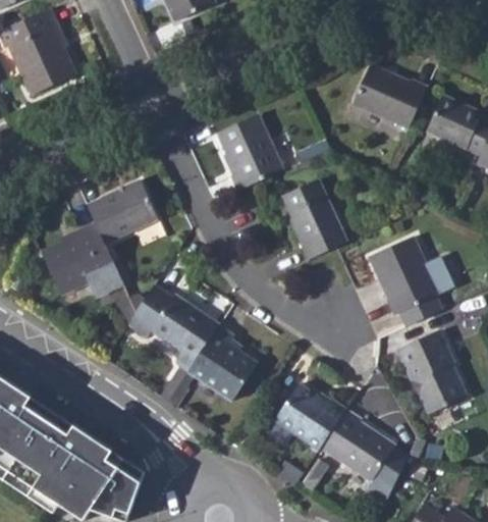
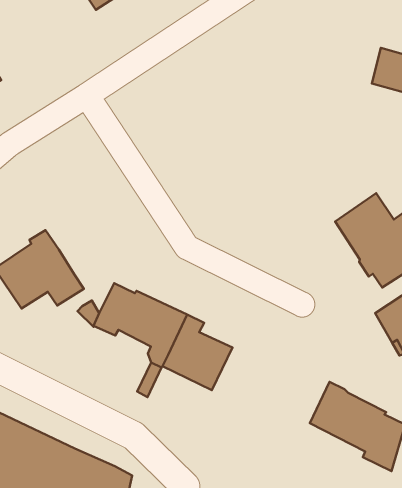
building: [354,64,426,127] -> none
building: [216,114,282,190] -> none
building: [282,179,346,259] -> none
building: [87,181,157,246] -> none
building: [276,383,344,448] -> none

